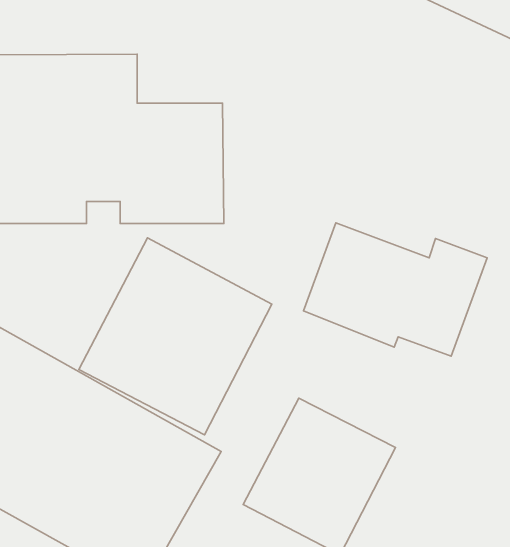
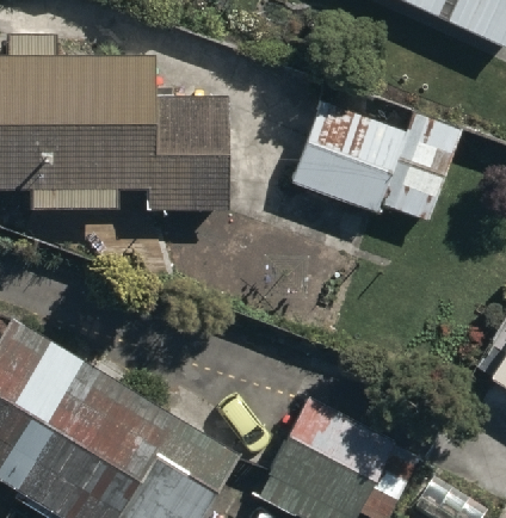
building: [304,223,487,356] -> [294,100,463,223]
building: [79,238,272,435] -> none

